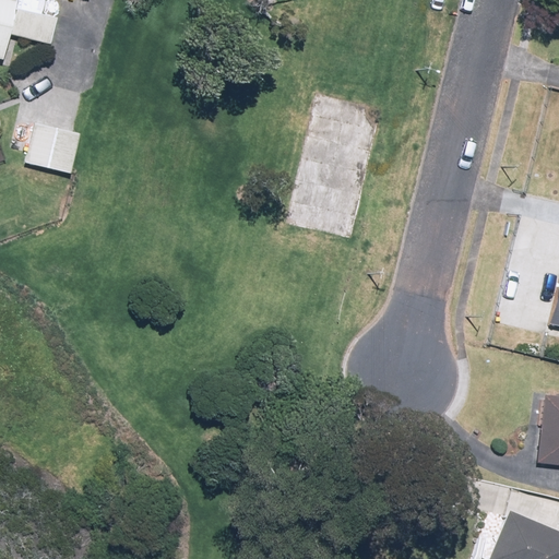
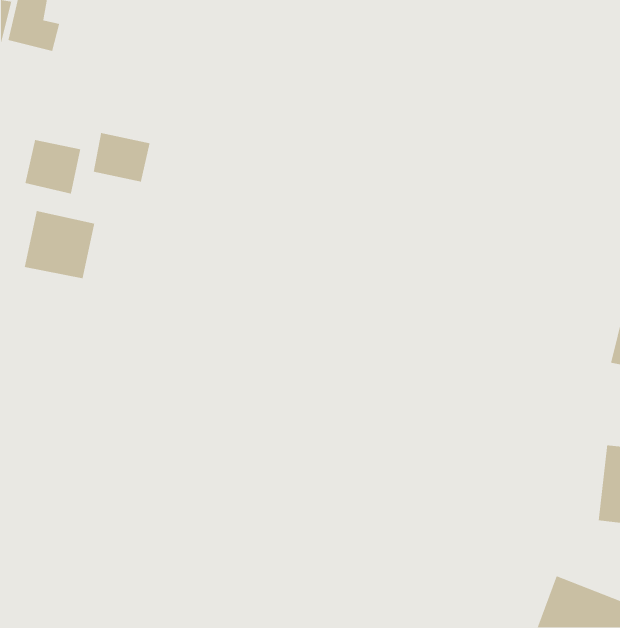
building: none -> [93,132,150,183]
building: none -> [24,210,95,279]

